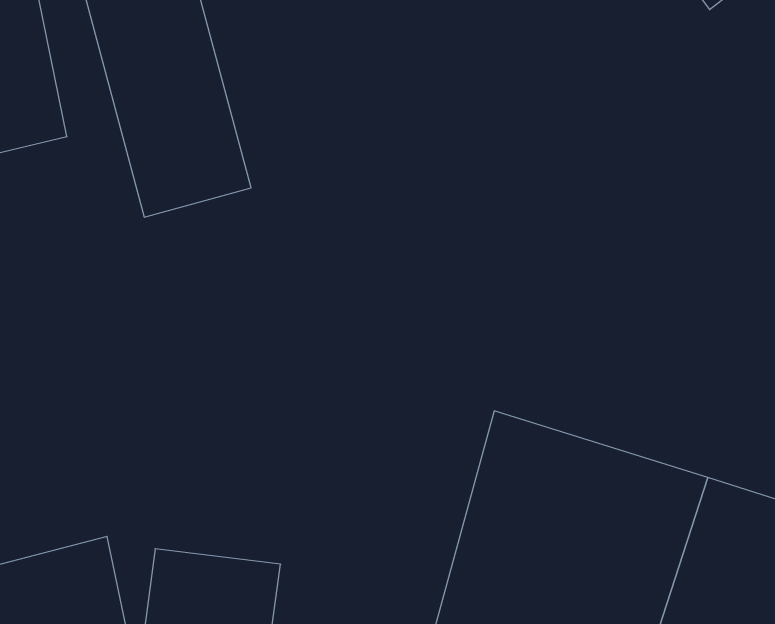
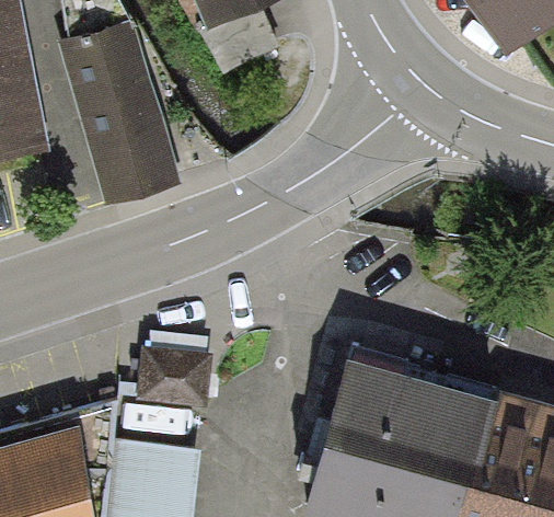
building: none -> [136,345,213,409]

